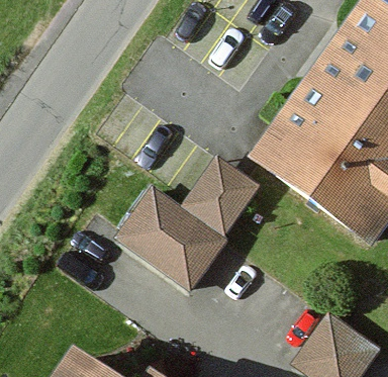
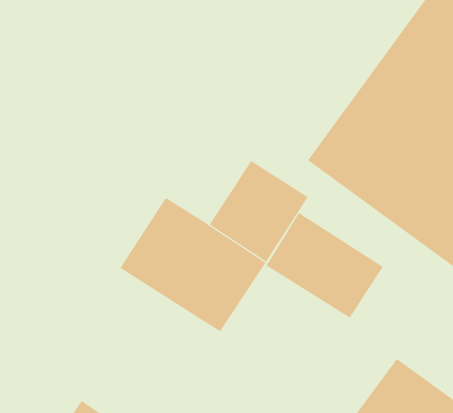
building: none -> [266,212,383,319]

